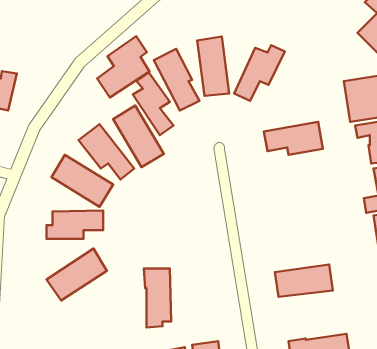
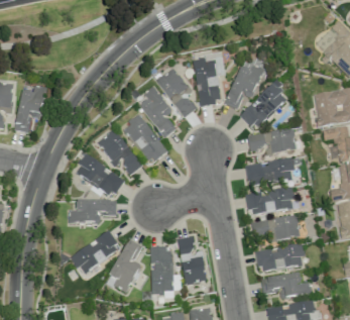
building: [97,36,149,98] -> none
building: none -> [241,78,286,130]
building: none -> [246,158,295,187]
building: none -> [247,188,295,214]
building: none -> [252,215,301,241]
building: none -> [179,236,207,285]
building: none -> [106,239,141,293]
building: none -> [262,274,312,298]

